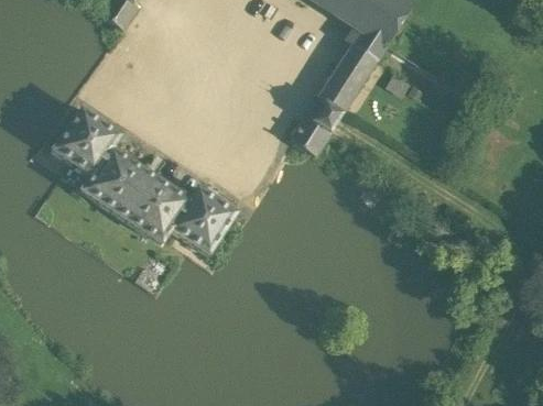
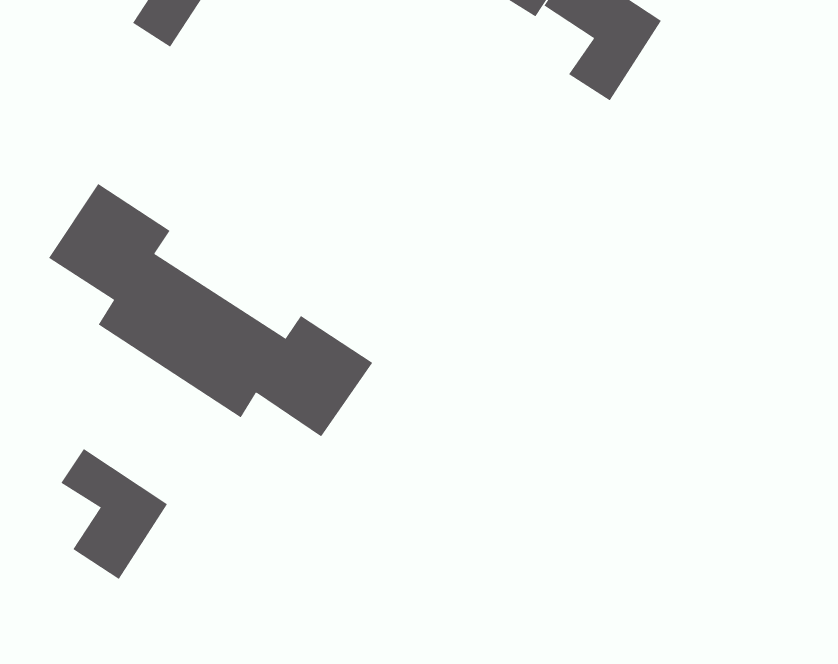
building: [291,46,376,156] -> none
building: none -> [61,448,168,580]

